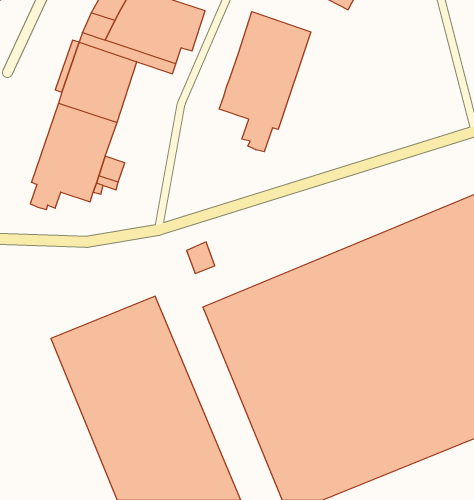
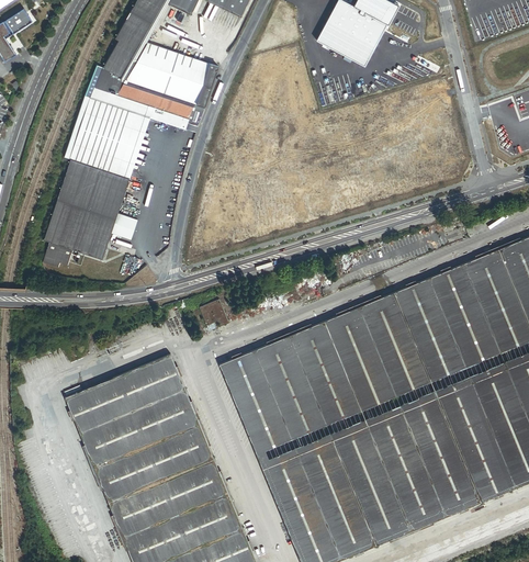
building: [219,12,311,152] -> none

